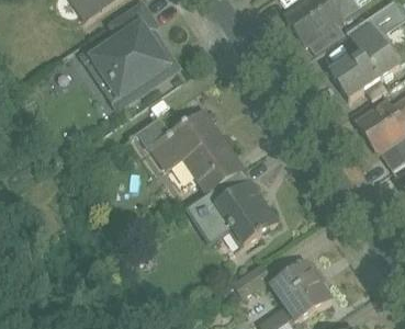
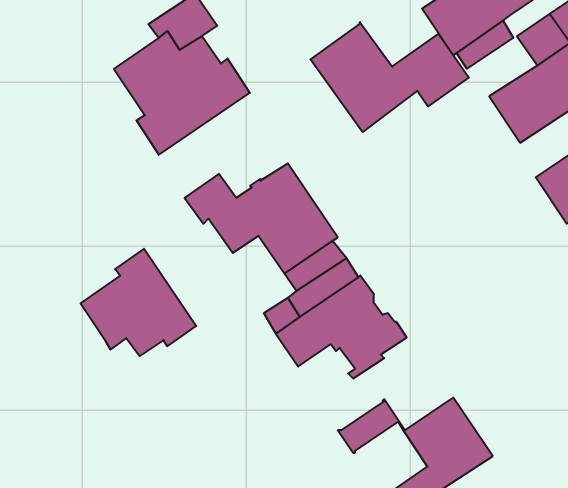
building: none -> [310,22,469,132]
building: none -> [81,249,196,356]

